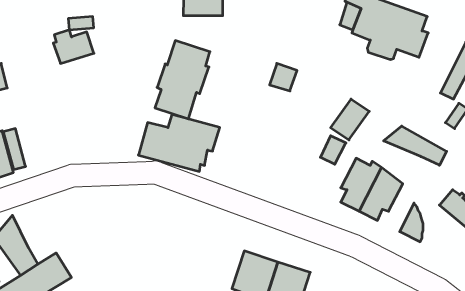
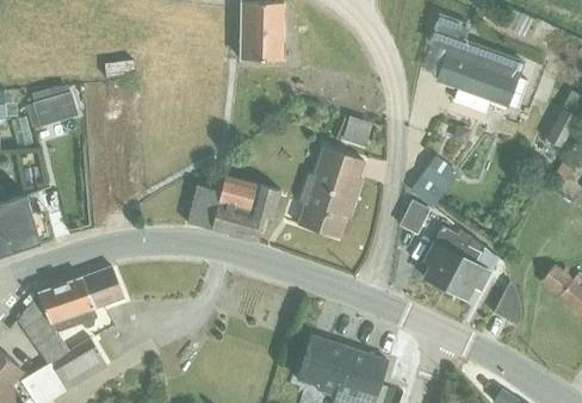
building: [53,30,94,63] -> [31,88,79,128]
building: [155,41,210,119] -> [298,147,363,238]
building: [384,126,447,165] -> none
building: none -> [38,266,123,331]

